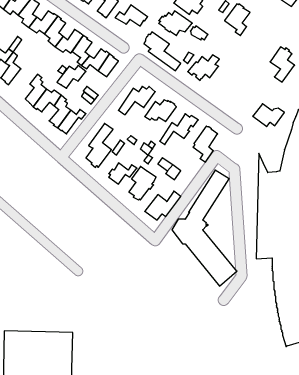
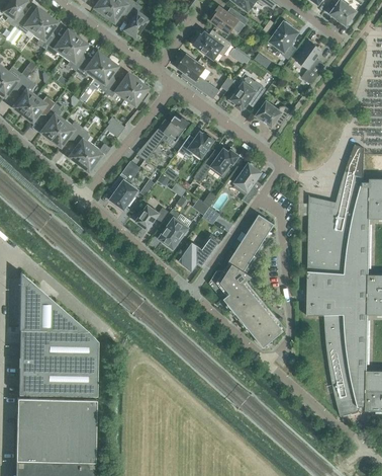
building: [115,5,148,26] -> none
building: [270,47,295,82] -> [296,44,324,84]
building: [57,65,86,88] -> [21,96,55,123]
building: [253,104,284,127] -> [256,101,292,128]
building: none -> [18,271,97,396]

